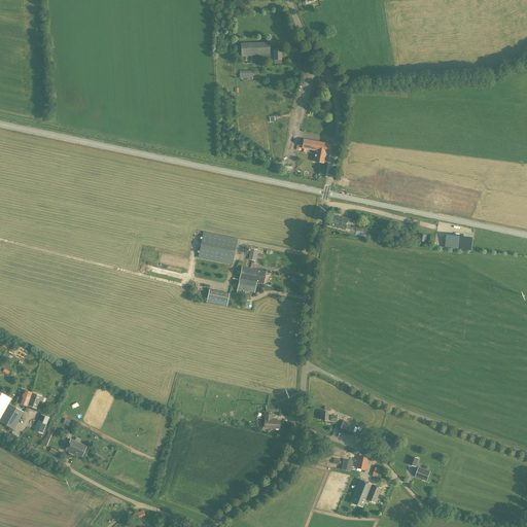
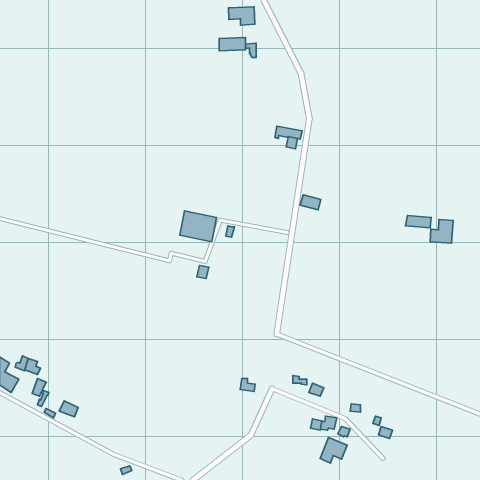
building: none -> [229,7,255,25]
building: none -> [430,219,453,243]
building: [237,267,265,291] -> none

